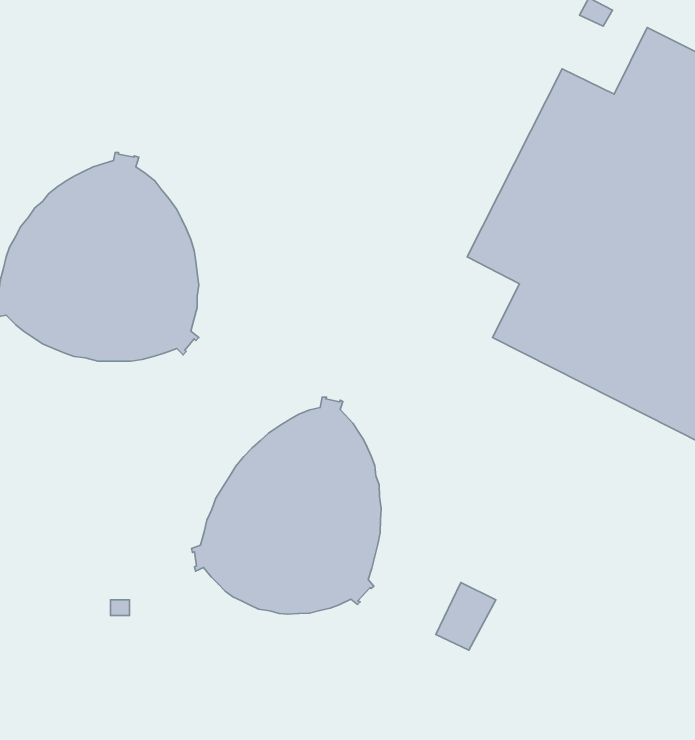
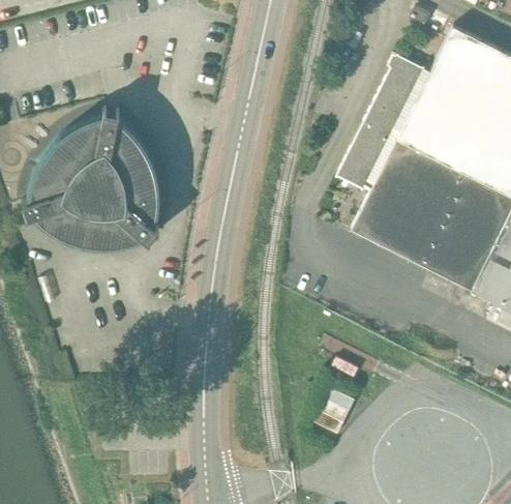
building: [192,397,381,614] -> none

